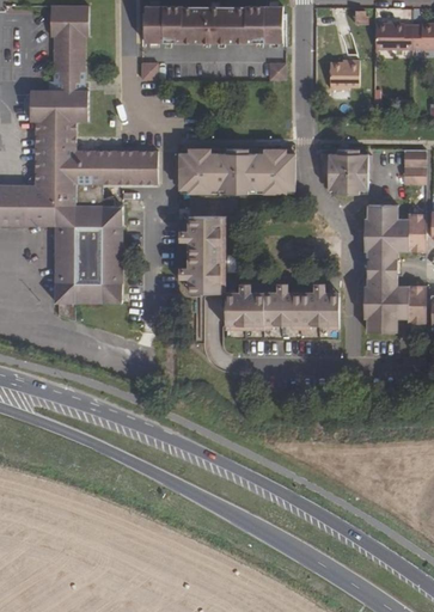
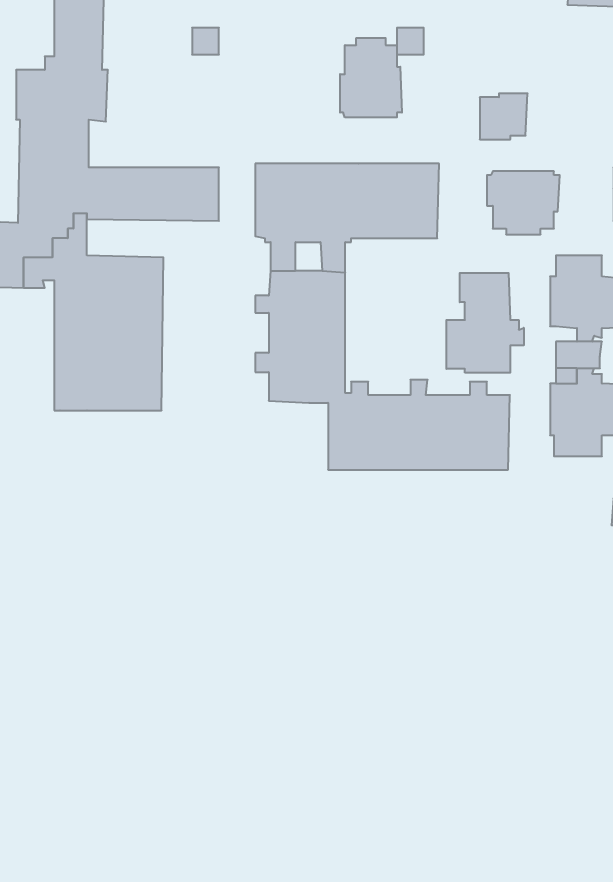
building: [329,60,359,88] -> [480,93,528,139]
building: none -> [340,38,402,117]
building: none -> [446,273,524,373]

